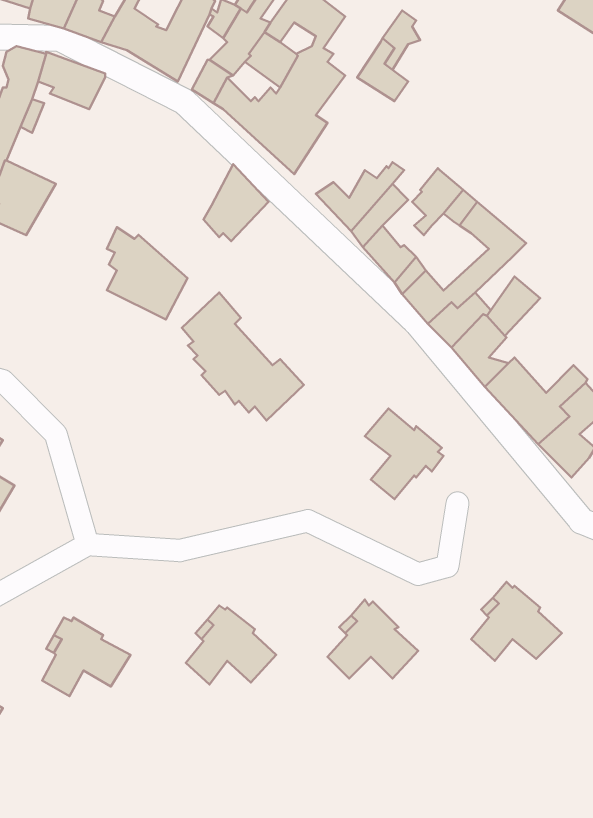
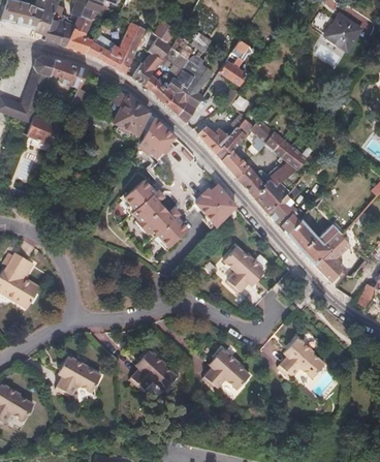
building: [107,227,188,320] -> [112,90,154,138]
building: none -> [198,185,237,224]

